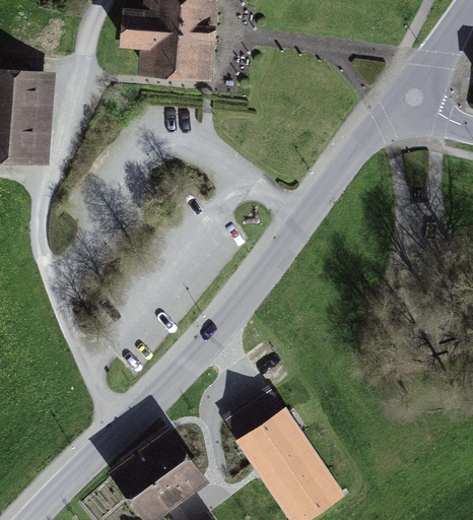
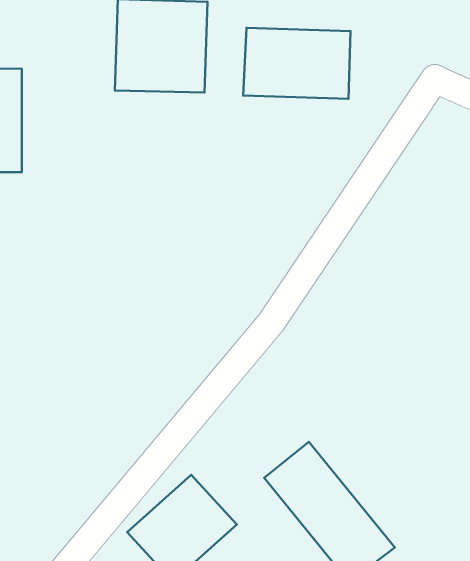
building: none -> [243,28,350,99]

